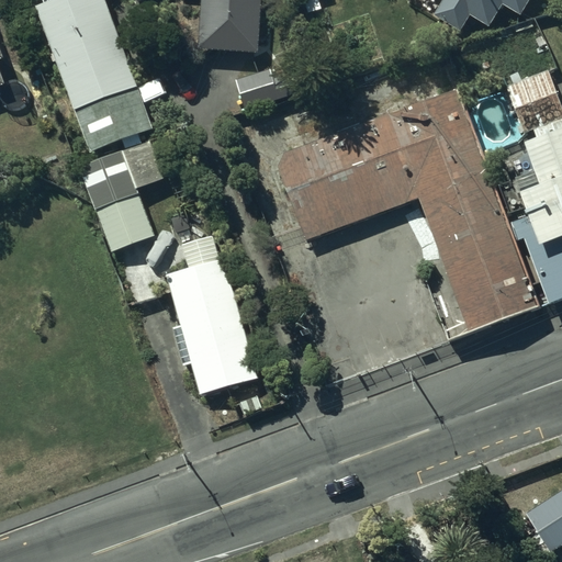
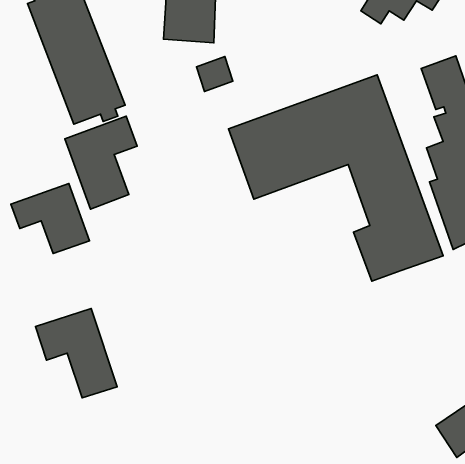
building: none -> [11,184,90,254]
building: [169,234,268,414] -> none
building: none -> [35,309,117,398]

